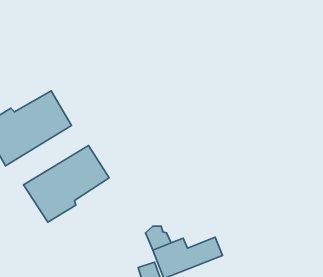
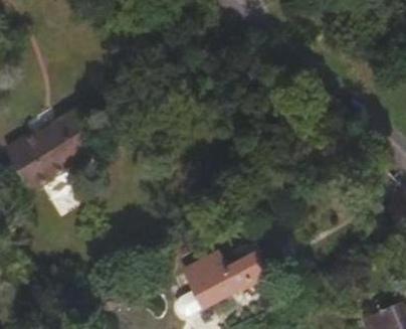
building: [24,145,109,222] -> none

